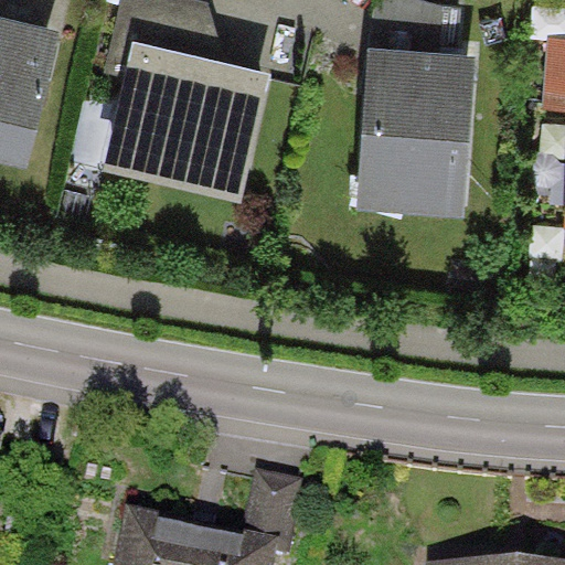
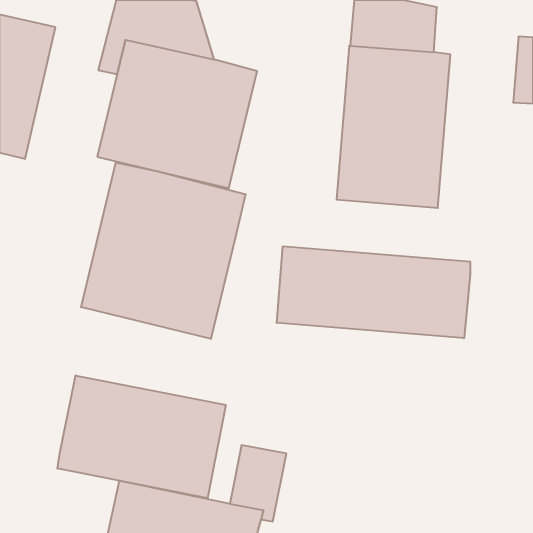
building: none -> [81,163,246,339]
building: none -> [277,246,470,338]
building: none -> [57,375,226,498]

